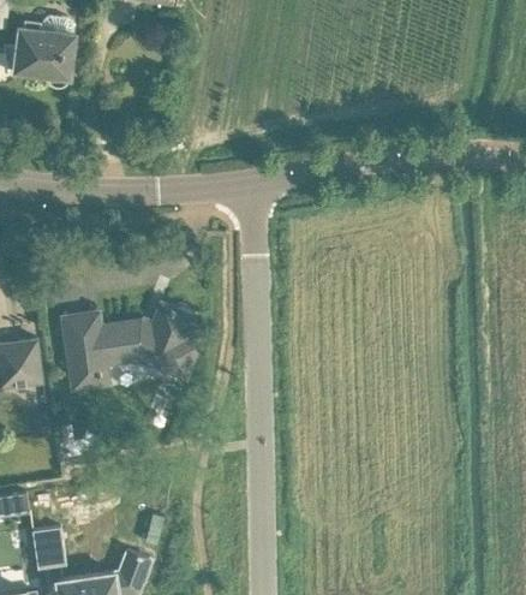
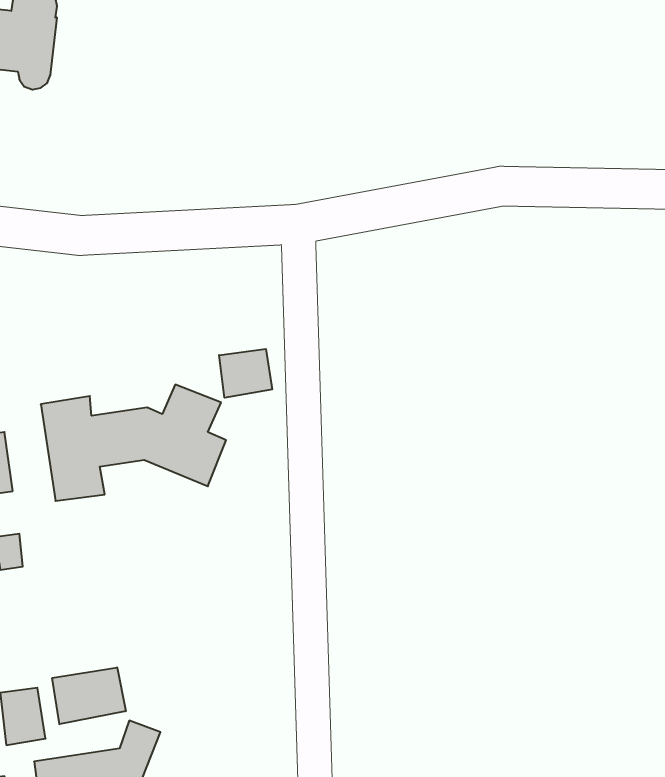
building: none -> [219,349,272,398]
building: none -> [52,667,126,724]

